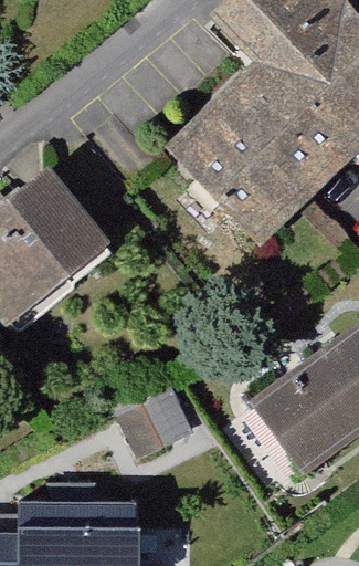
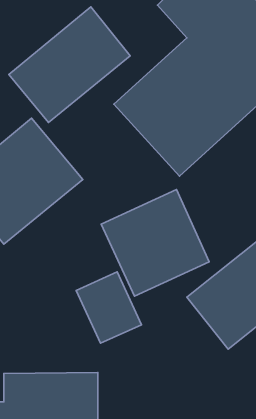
building: none -> [9,7,130,123]
building: none -> [101,189,209,296]

